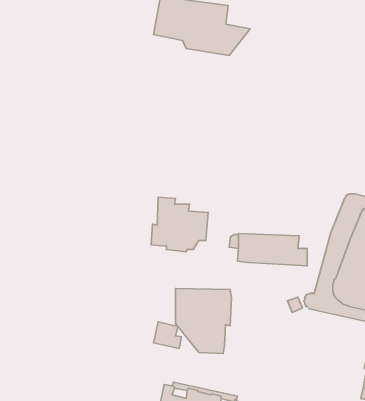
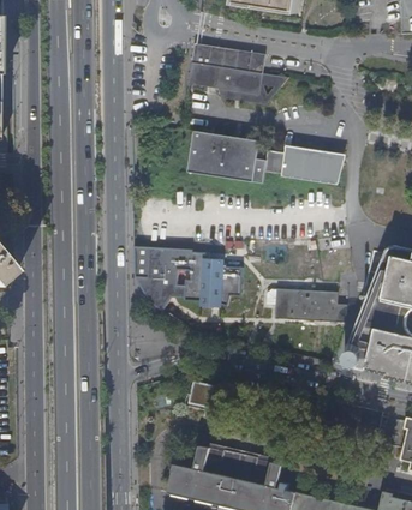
building: none -> [190,131,269,182]
building: none -> [273,151,344,182]
building: [176,288,231,354] -> [137,241,195,308]

